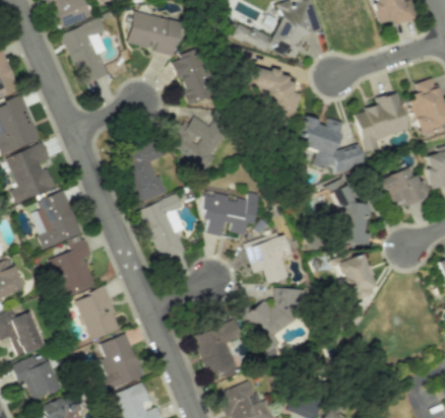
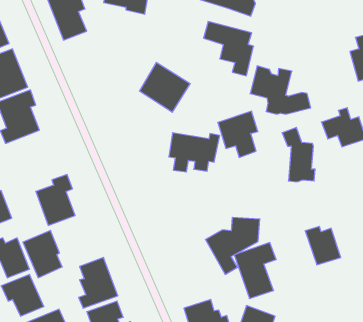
building: [174,48,217,106] -> none
building: [354,92,407,152] -> none
building: [122,140,167,204] -> none
building: [36,191,82,250] -> none
building: [140,194,186,262] -> none
building: [245,231,291,284] -> [218,111,258,157]
building: [334,253,375,296] -> [305,226,341,265]
building: [75,287,120,341] -> [23,230,62,278]
building: [195,319,243,382] -> [234,243,276,299]

